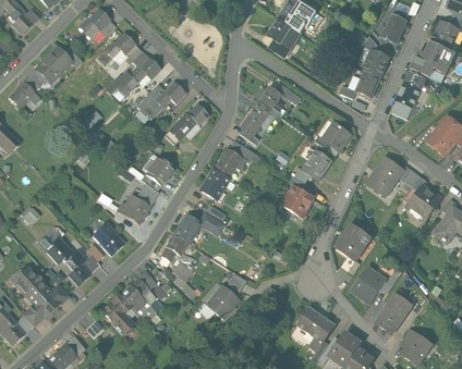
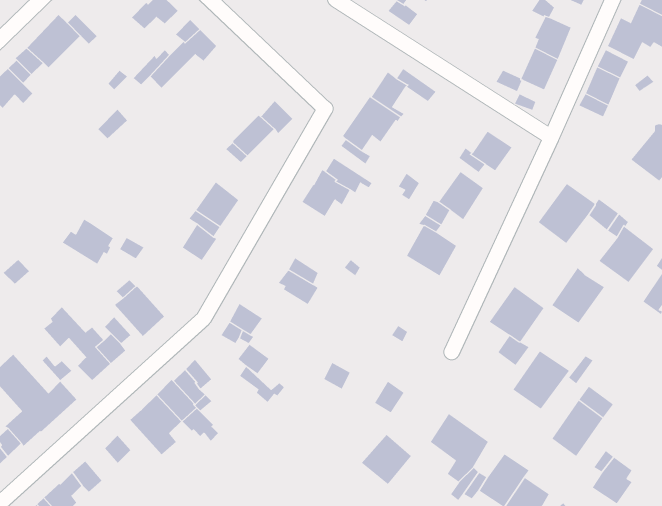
building: [137,82,185,119] -> none
building: [198,168,230,201] -> none
building: [117,195,150,224] -> [62,219,114,265]
building: none -> [551,267,605,324]
building: [173,213,203,244] -> none
building: [206,284,239,317] -> [361,434,412,485]

